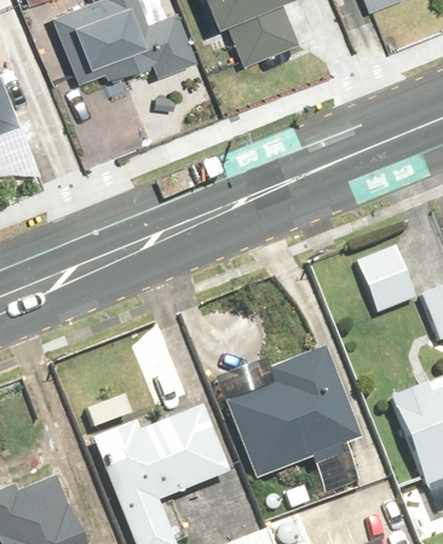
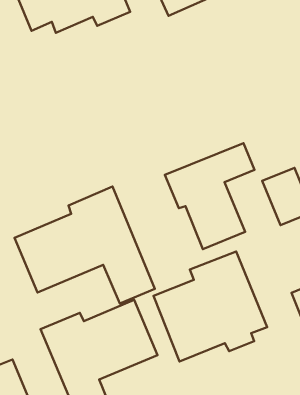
building: none -> [165,143,254,249]
building: none -> [15,187,155,304]

